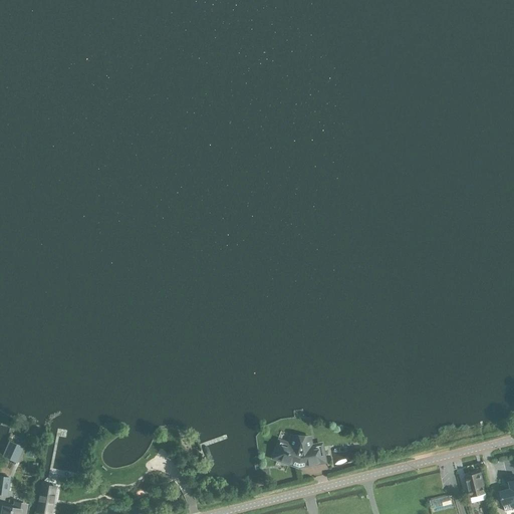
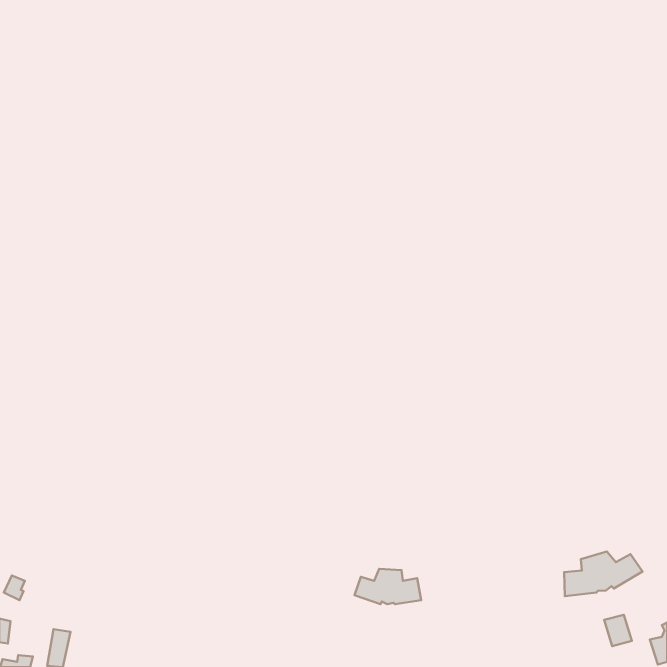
building: none -> [564,552,643,596]

